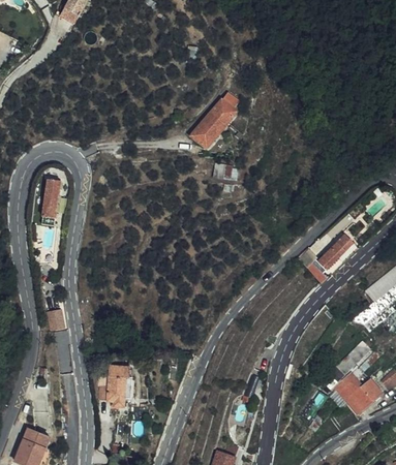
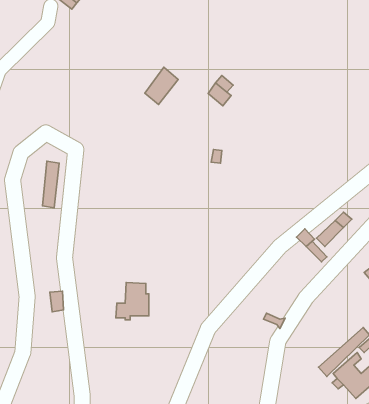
building: [191,111,224,148] -> [145,67,178,105]
building: [99,365,132,402] -> [116,282,149,320]

